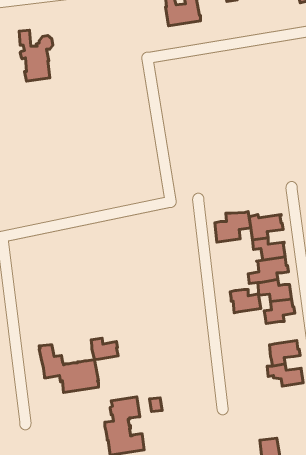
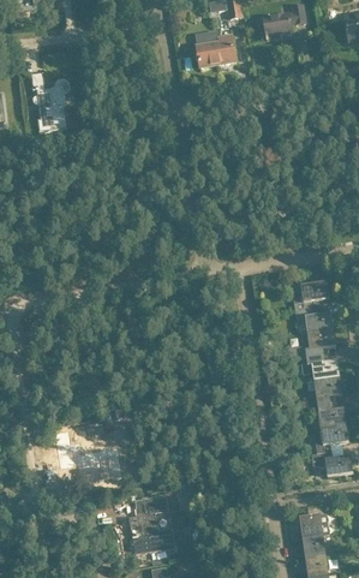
building: [215,212,251,242] -> none
building: [230,290,261,313] -> [311,401,346,428]
building: [91,338,118,360] -> none
building: none -> [300,512,329,536]

